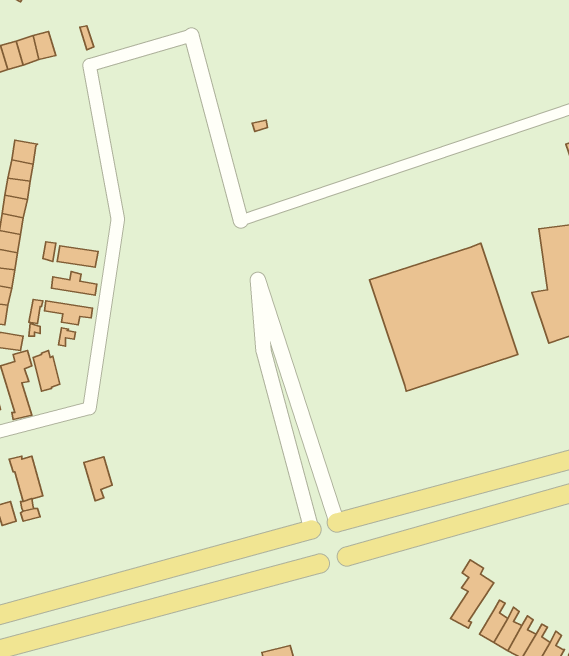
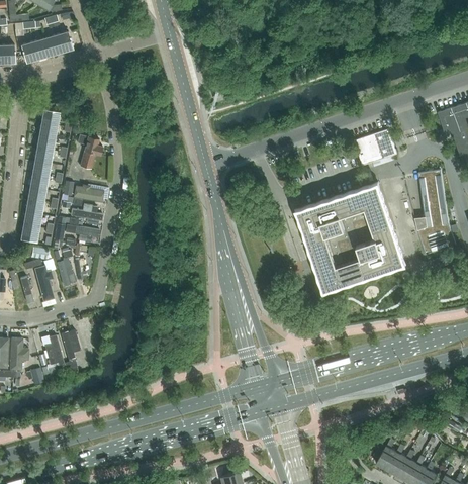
building: none -> [354,130,396,166]
building: none -> [77,135,102,170]
building: [84,457,112,501] -> [61,331,81,363]
building: [451,560,494,628] -> none

